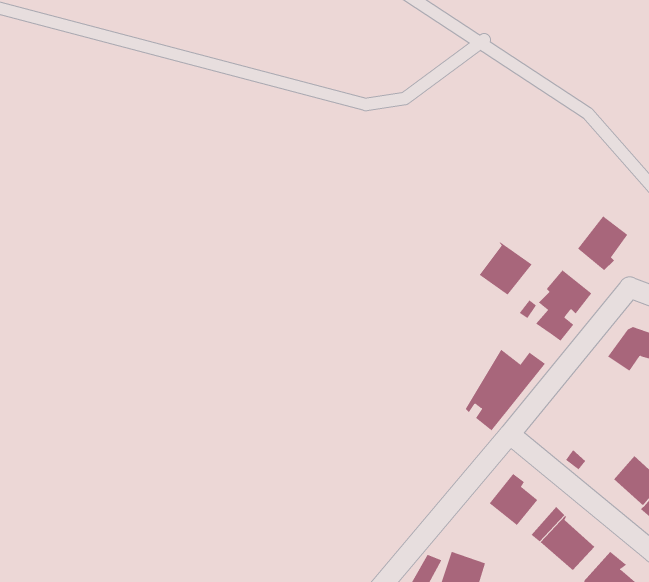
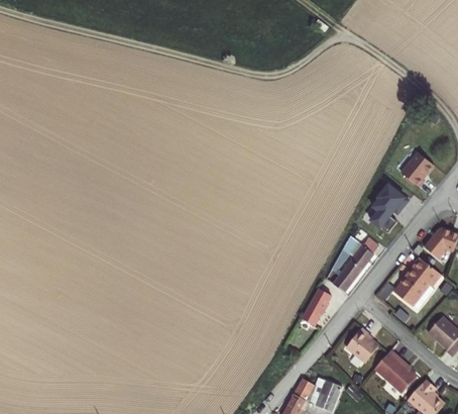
building: [479,241,532,296] -> none
building: none -> [393,254,441,304]
building: none -> [301,290,331,328]

